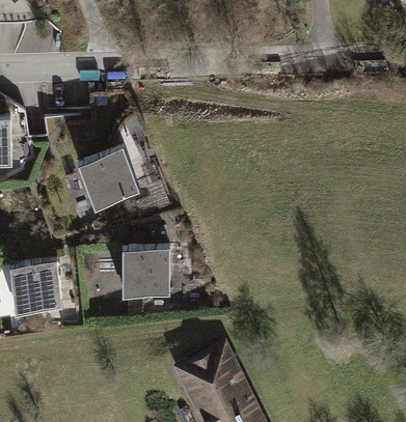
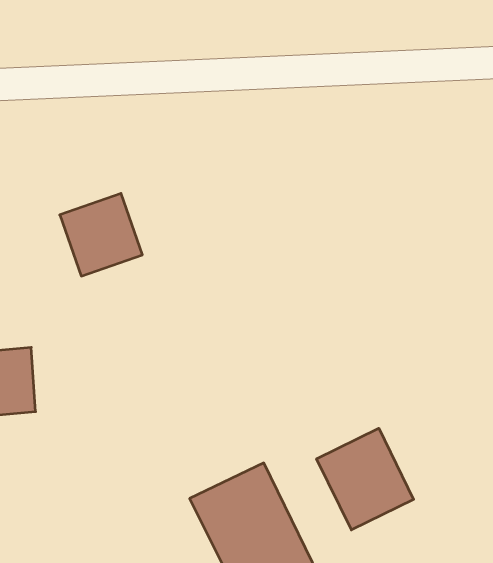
building: [126,245,172,292] -> none
building: none -> [317,428,414,530]

